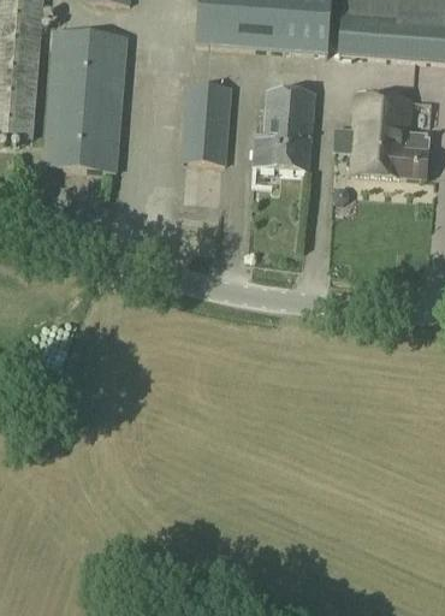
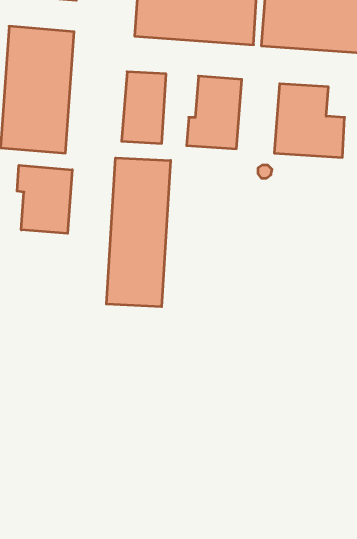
building: none -> [106,158,171,307]
building: none -> [17,165,72,233]

